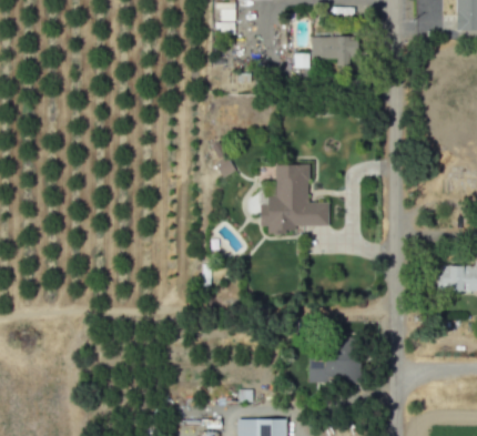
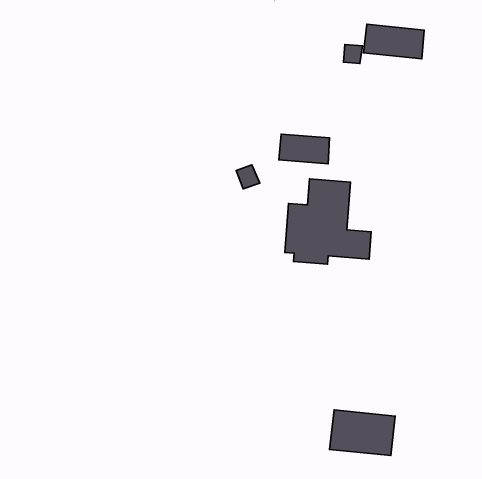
building: none -> [279,134,329,164]

